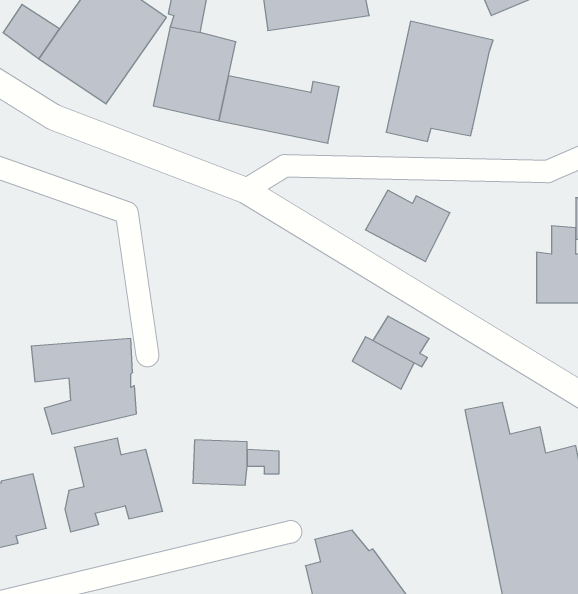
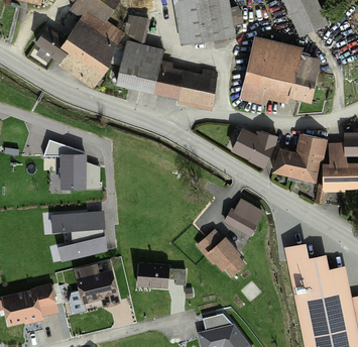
building: none -> [288,54,319,101]
building: none -> [273,136,327,182]
building: none -> [44,138,101,188]
building: none -> [197,227,247,275]

